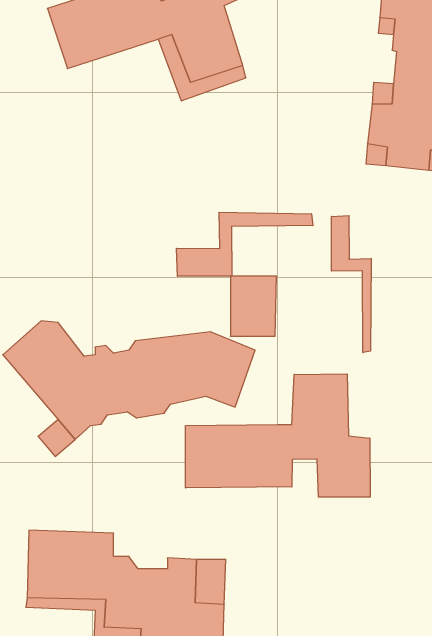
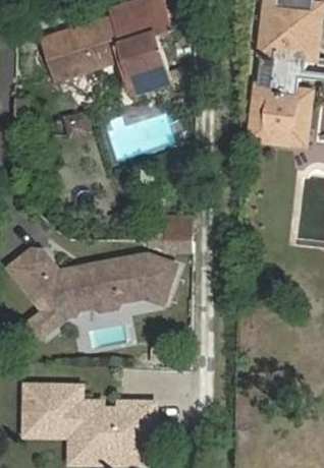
building: [176,212,313,276] -> none
building: [332,216,371,353] -> none
building: [186,374,370,497] -> none

